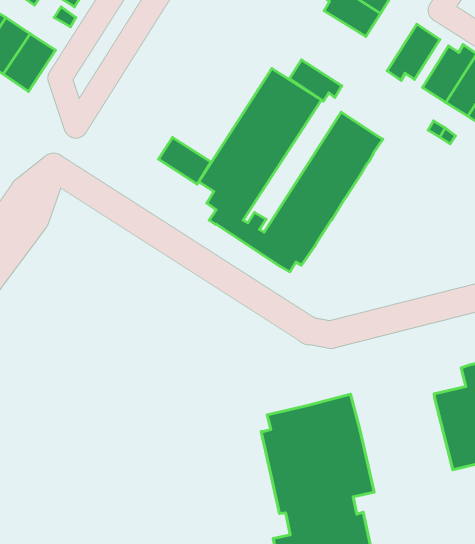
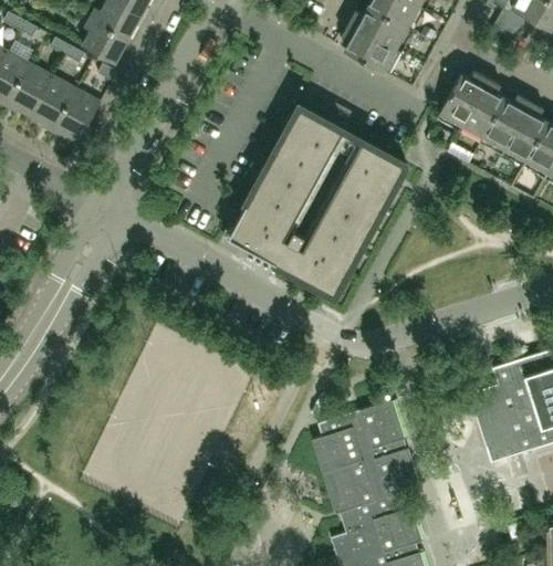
building: [387,24,440,80] -> none
building: [289,60,342,101] -> none
building: [158,138,211,184] -> none

